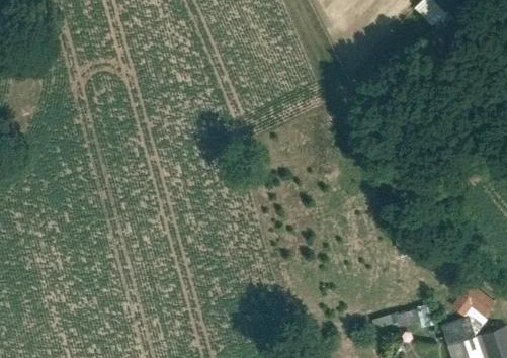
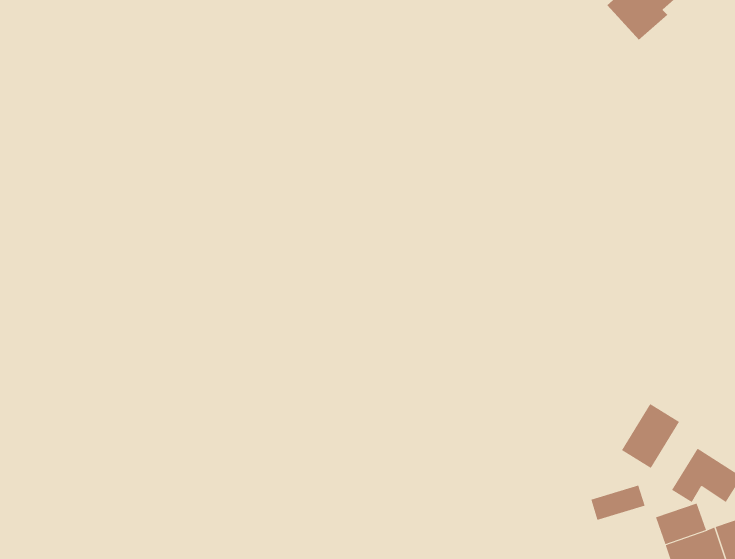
building: none -> [621,403,680,469]

